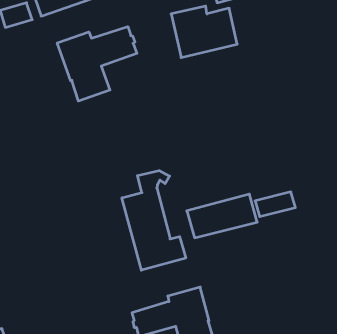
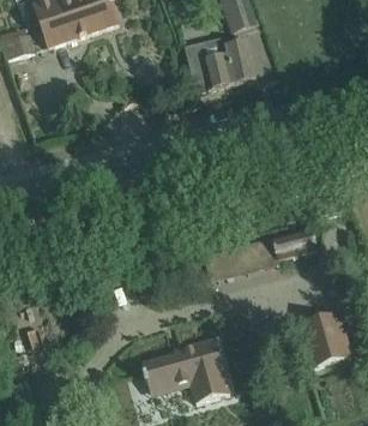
building: [57,27,137,101] -> none
building: [122,171,186,270] -> none
building: none -> [300,308,354,367]

